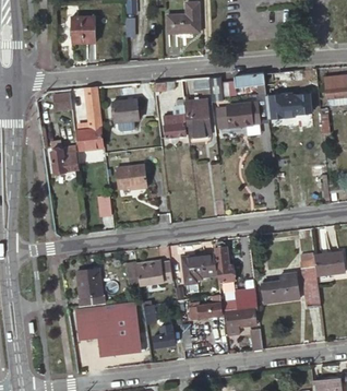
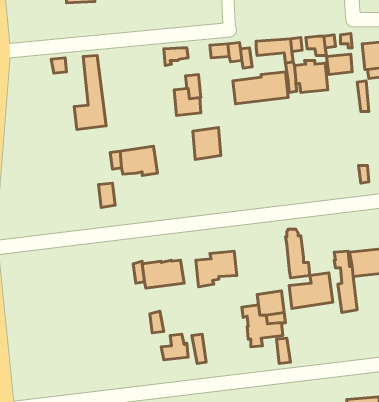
building: [115,98,140,121] -> none
building: [187,99,211,127] -> [193,127,221,159]
building: [51,146,79,174] -> none
building: [214,241,235,283] -> [285,229,310,278]
building: [77,269,103,298] -> none
building: [189,295,223,320] -> none
building: [77,308,141,356] -> none

